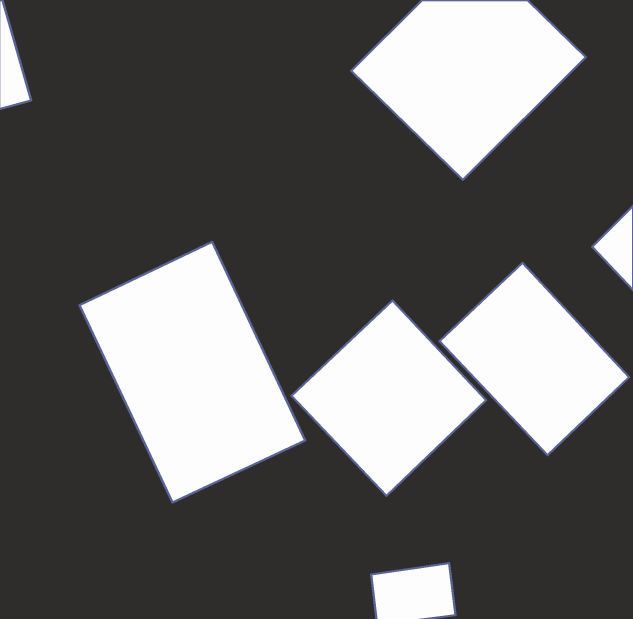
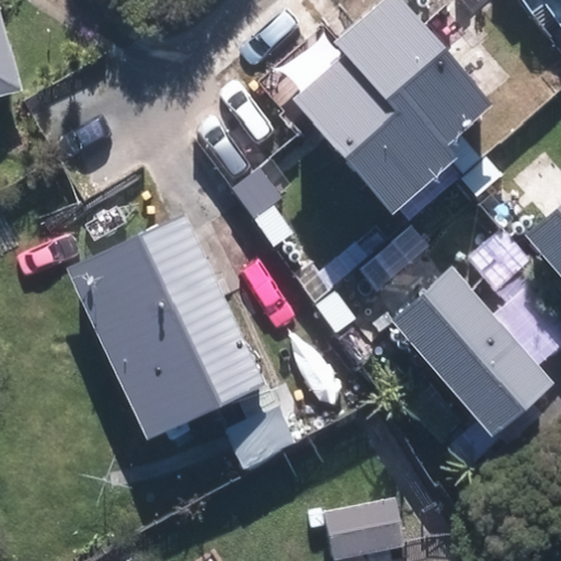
building: [292,300,486,496] -> none

